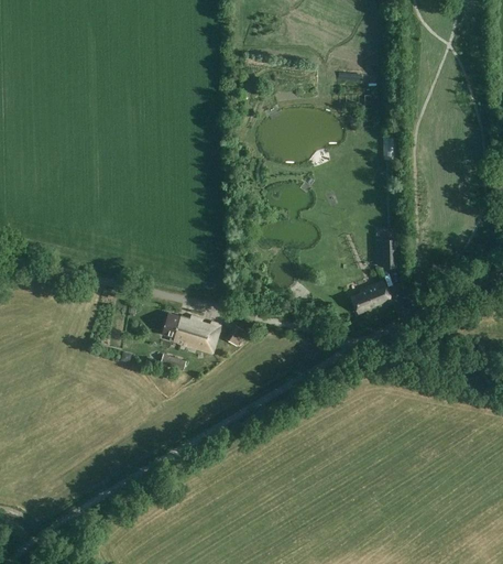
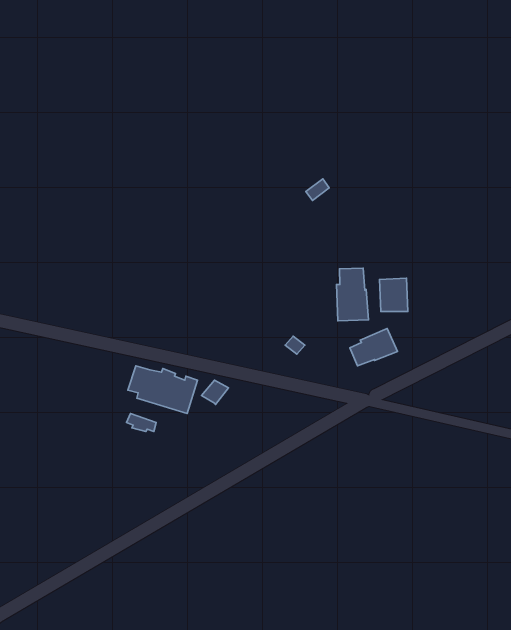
building: none -> [336,268,368,321]

